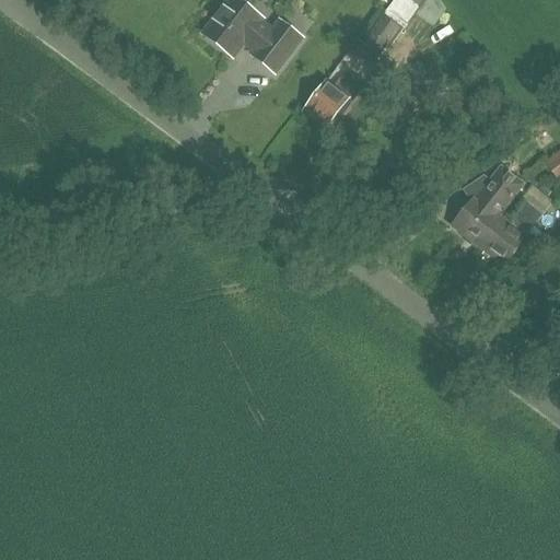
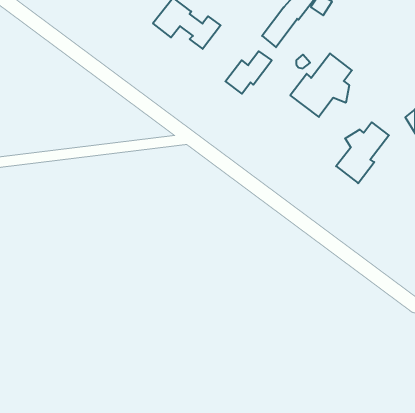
building: none -> [290,53,352,117]
building: [481,200,541,262] -> none

